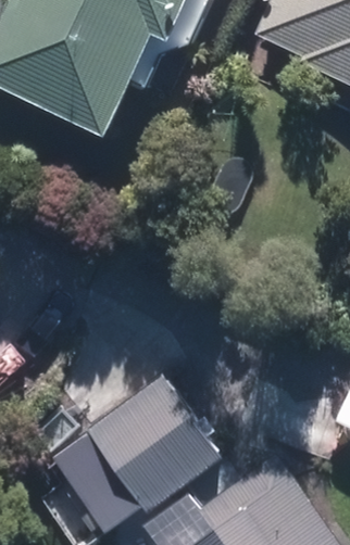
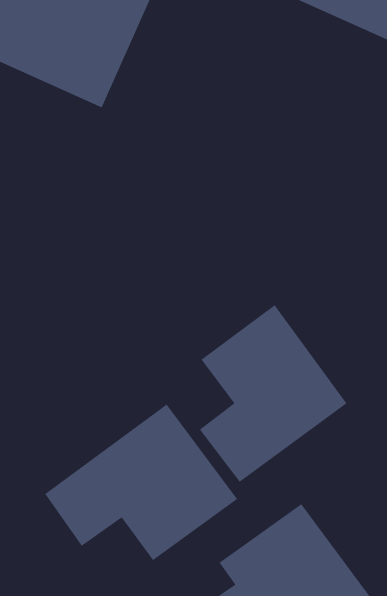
building: none -> [199,304,347,483]

